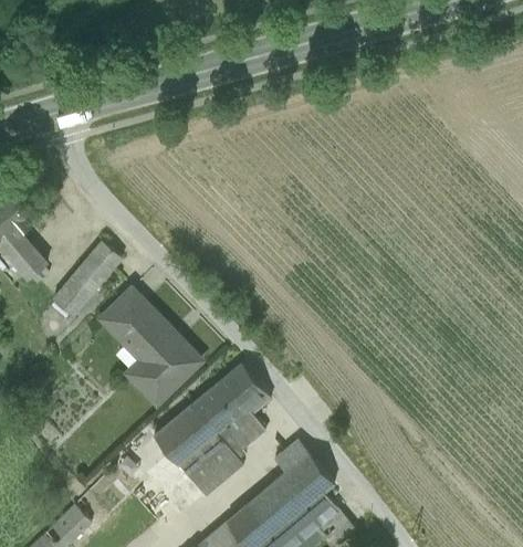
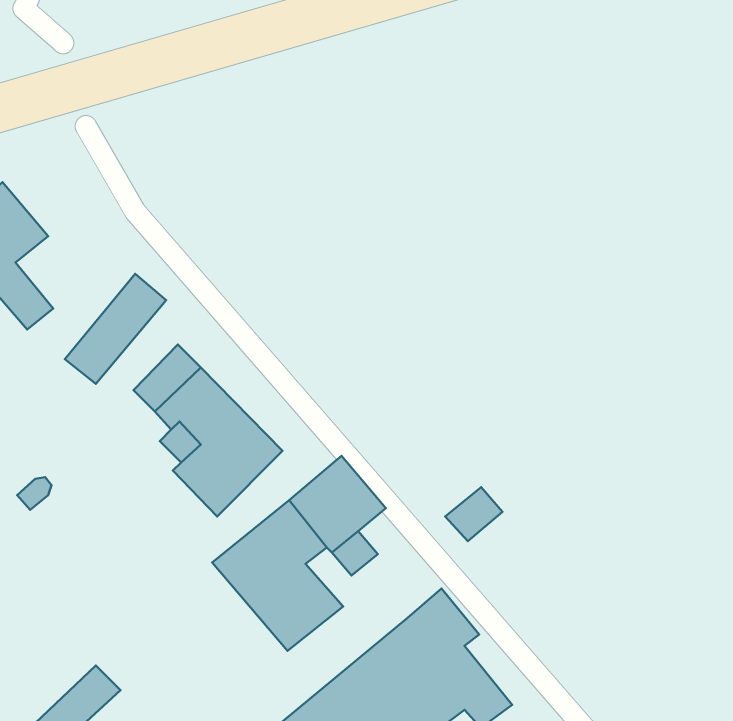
building: [269,438,307,474] -> [445,487,502,541]

